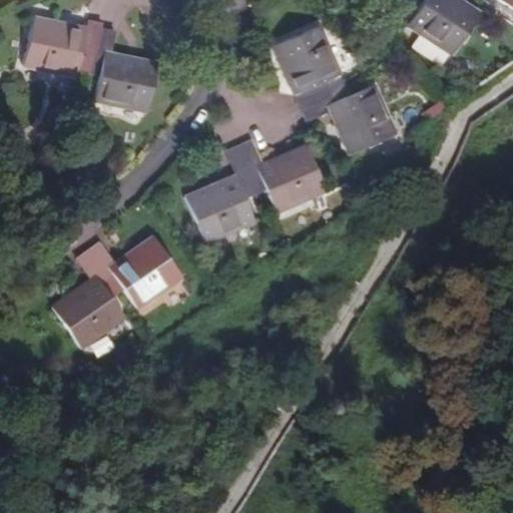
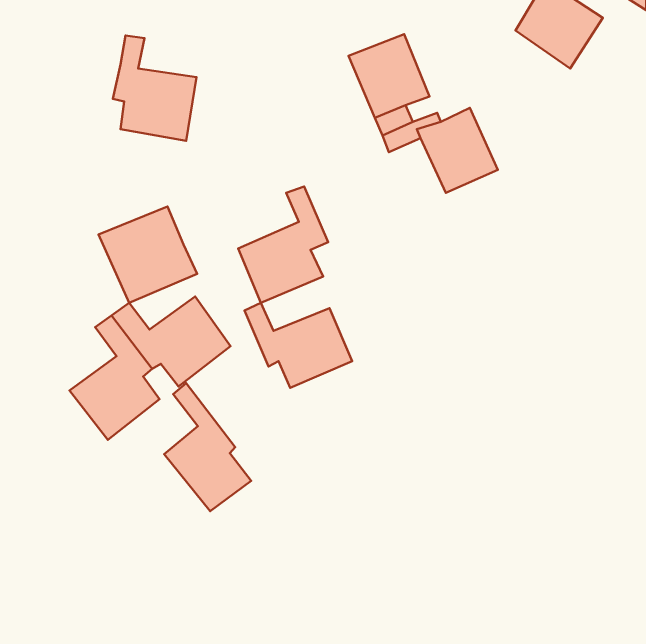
building: [22,18,99,75] -> none
building: [240,141,326,208] -> [244,303,352,388]
building: none -> [99,206,197,303]
building: none -> [164,383,251,511]

